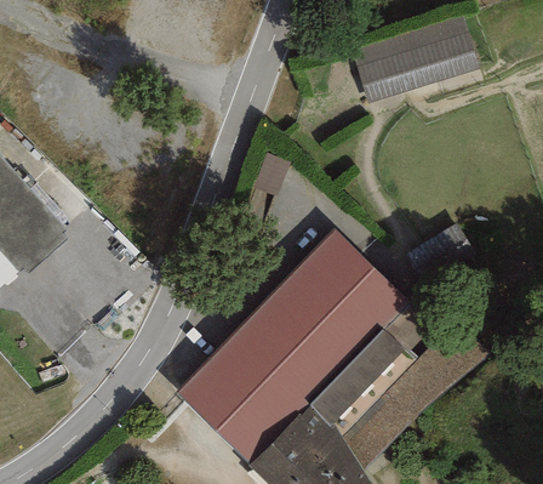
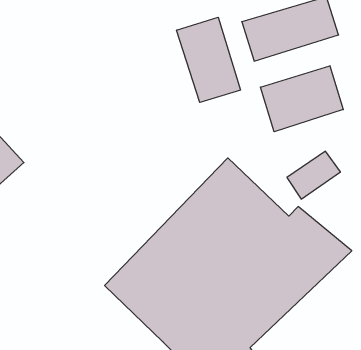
building: none -> [177,17,241,102]
building: none -> [260,66,343,132]

